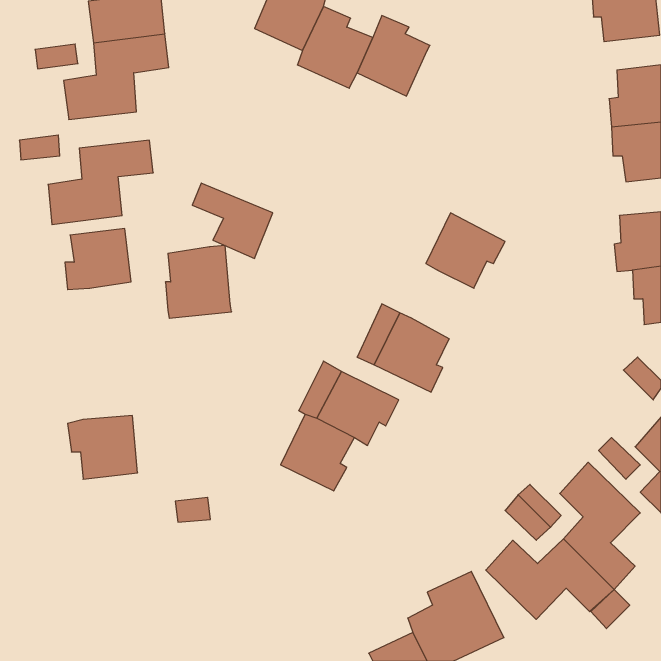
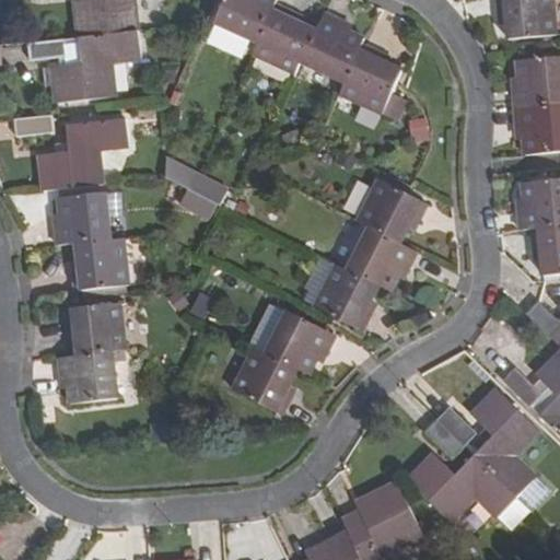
building: none -> [338,43,405,117]
building: [165,246,232,318] -> [73,236,129,298]
building: none -> [347,228,417,290]
building: none -> [68,302,125,353]

